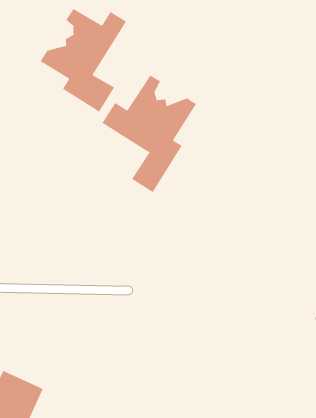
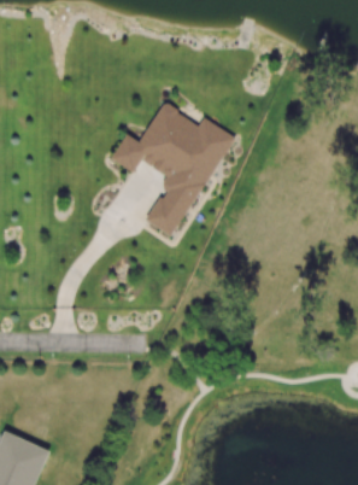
building: [40,8,127,112] -> none

